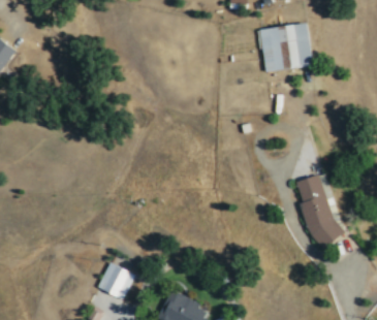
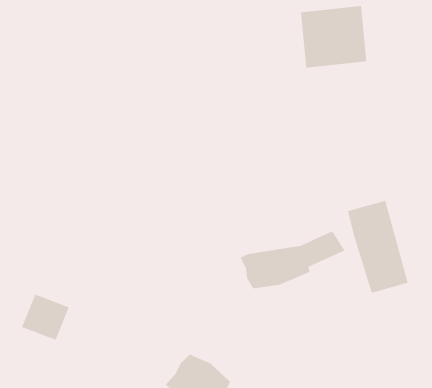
building: none -> [240,230,345,289]
building: [98,262,135,298] -> [21,294,69,340]

